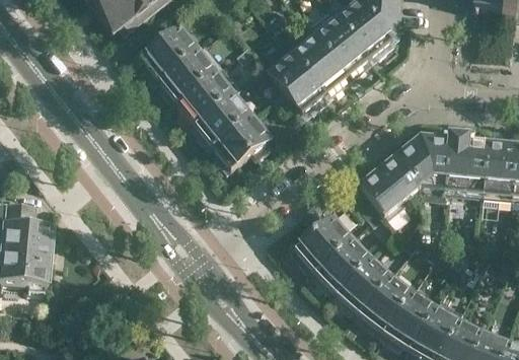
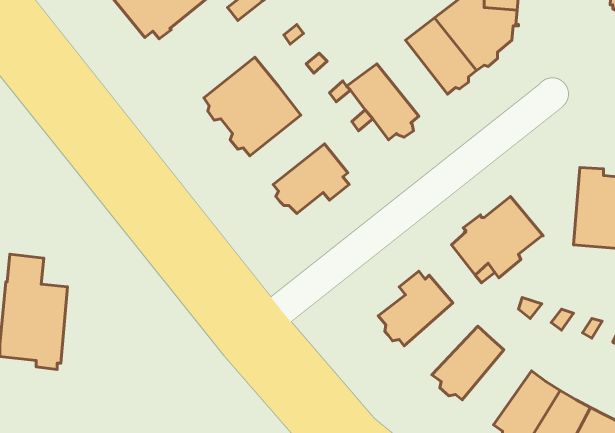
building: [139,22,198,76] -> none
building: [292,31,347,90] -> none
building: [194,89,251,143] -> none
building: [395,128,449,190] -> none
building: [313,234,370,290] -> none
building: [358,271,412,329] -> none

